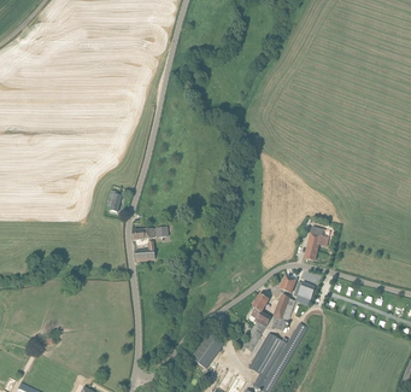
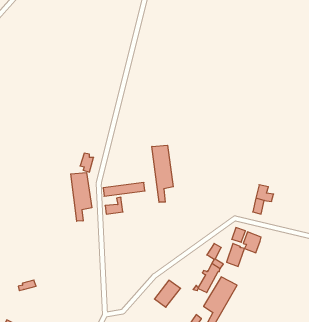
building: none -> [152,145,173,202]
building: none -> [71,173,92,221]

